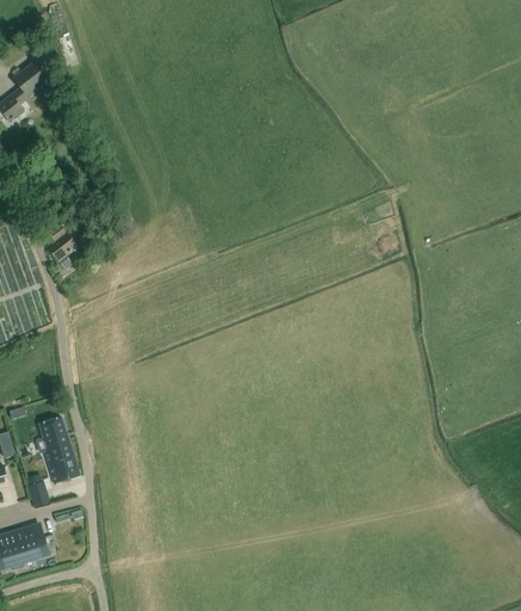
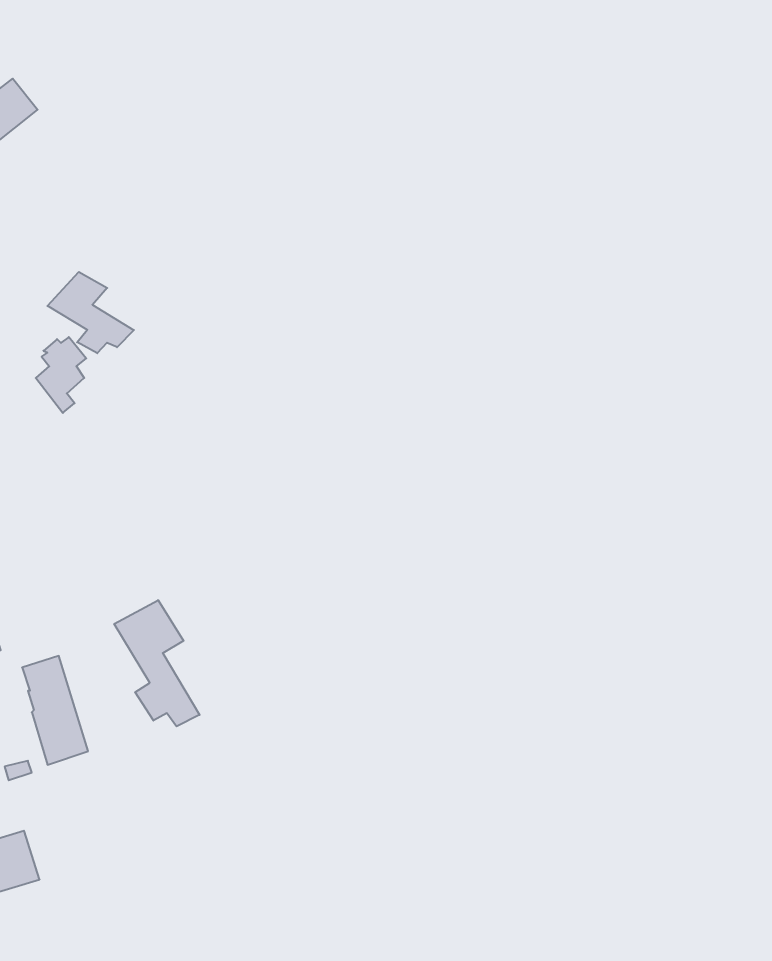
building: none -> [47,272,134,353]
building: none -> [114,600,200,726]

